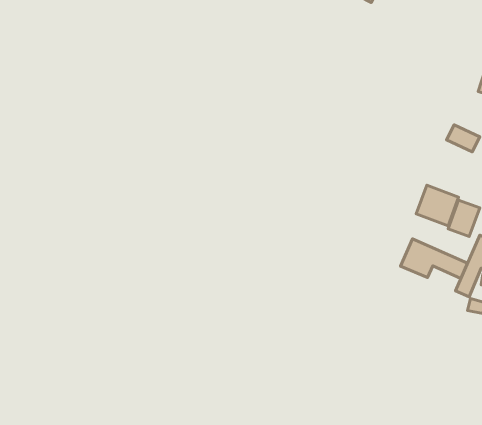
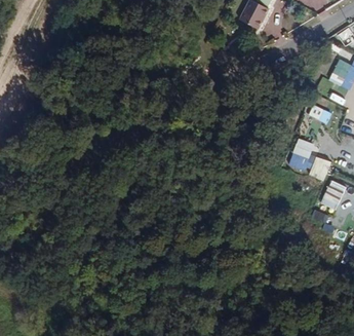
building: [401,239,467,279] -> none

